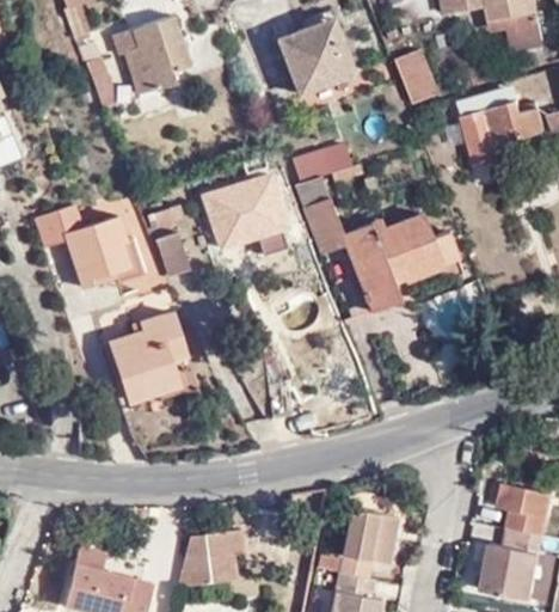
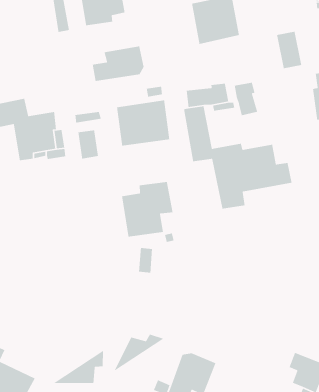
building: none -> [92,46,144,82]
building: none -> [234,82,258,116]
building: [105,312,180,398] -> [121,181,173,238]
building: none -> [112,334,165,373]

